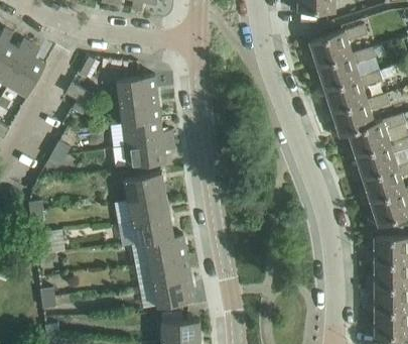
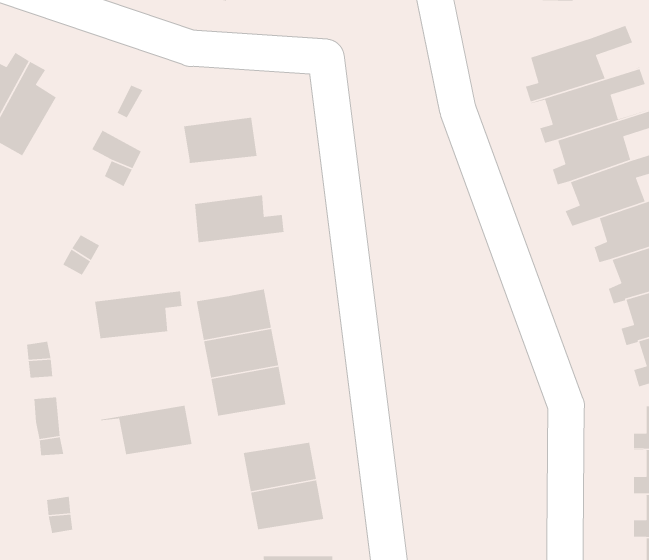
building: [119,99,160,125] -> none
building: [124,141,173,168] -> [94,290,183,339]
building: [135,236,186,264] -> [100,405,192,455]

